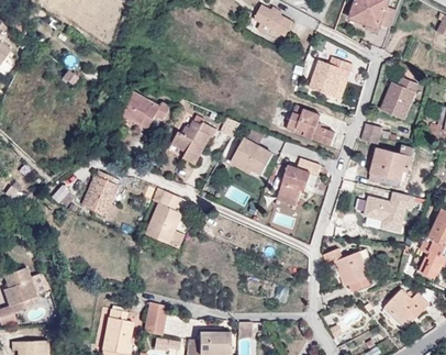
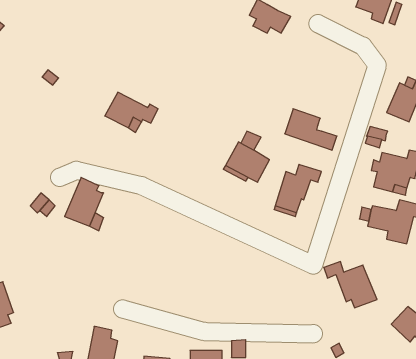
building: [310,57,352,98] -> none
building: [171,114,216,165] -> none
building: [146,188,183,247] -> none
building: [143,301,166,333] -> none

